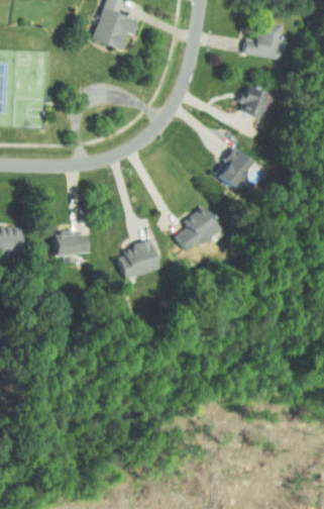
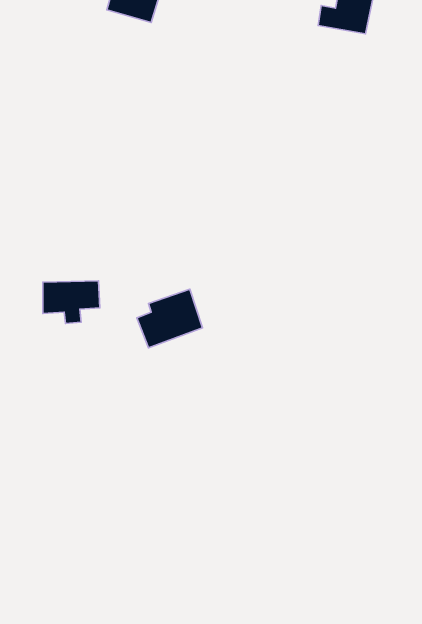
building: [238,85,266,114] -> none
building: [214,148,251,188] -> none
building: [176,212,222,252] -> none

